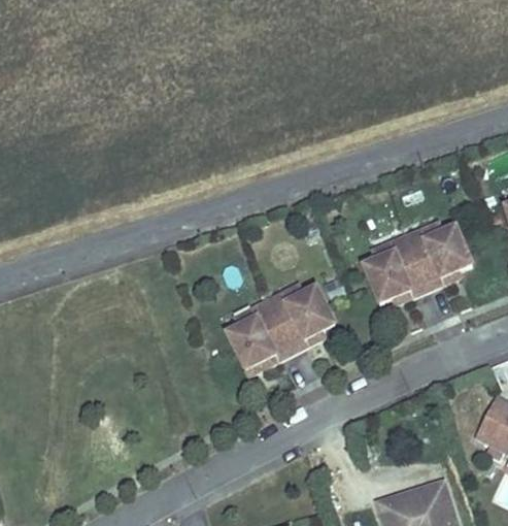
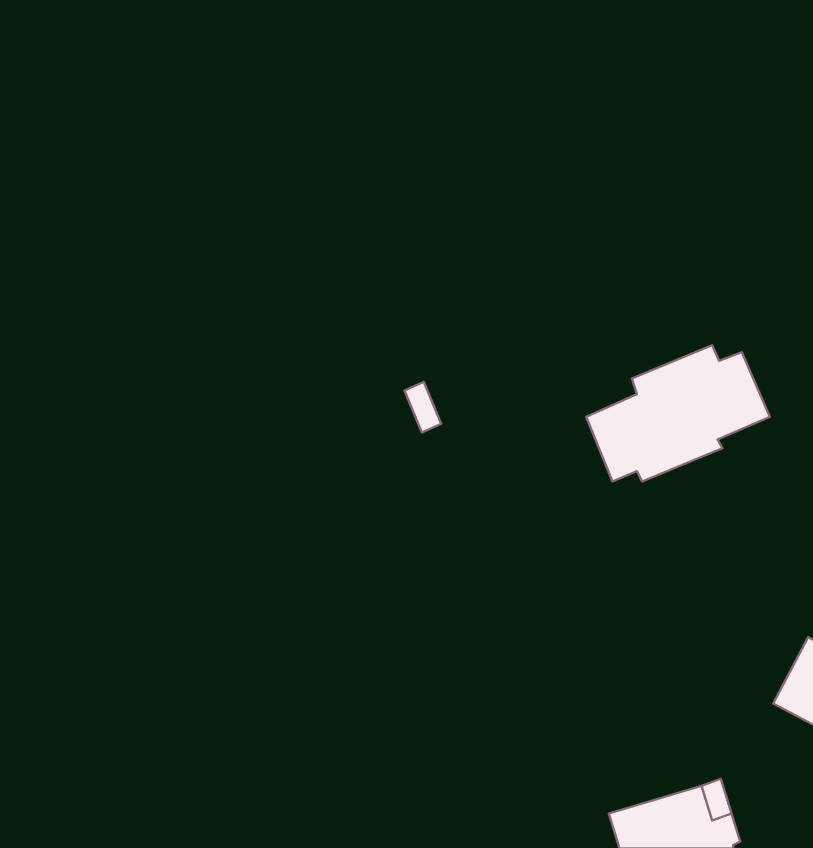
building: [228,284,336,368] -> none

